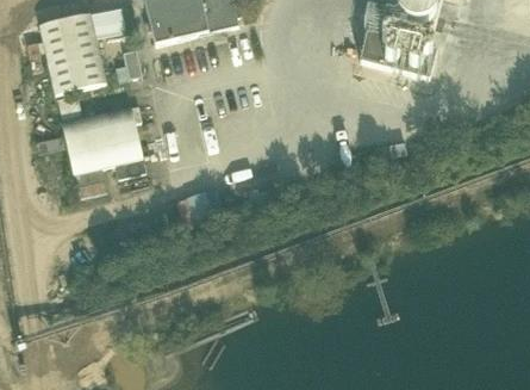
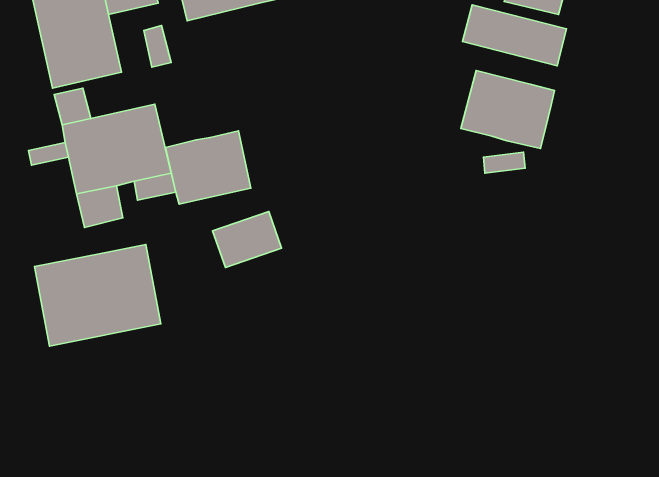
building: none -> [461,70,554,149]
building: none -> [165,131,251,204]
building: none -> [35,244,161,346]

